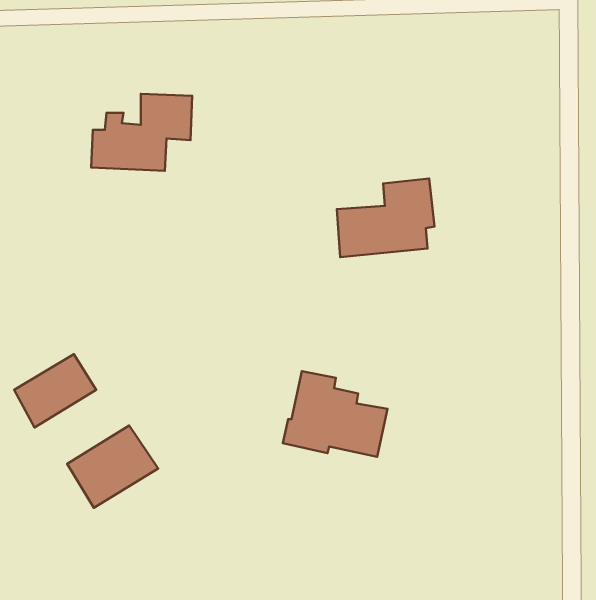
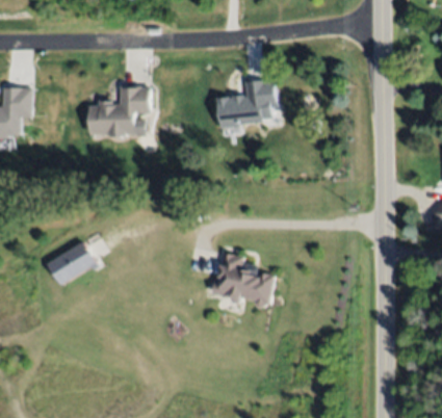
building: [337,178,434,257] -> [217,80,277,128]
building: [67,425,158,508] -> none

